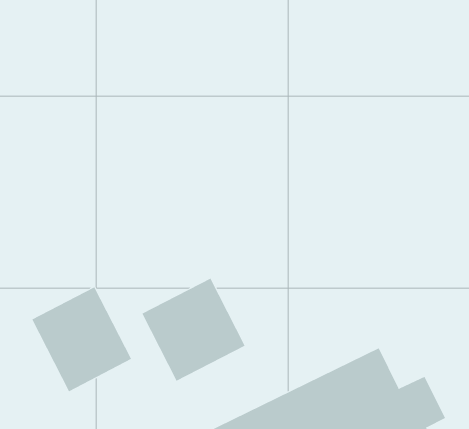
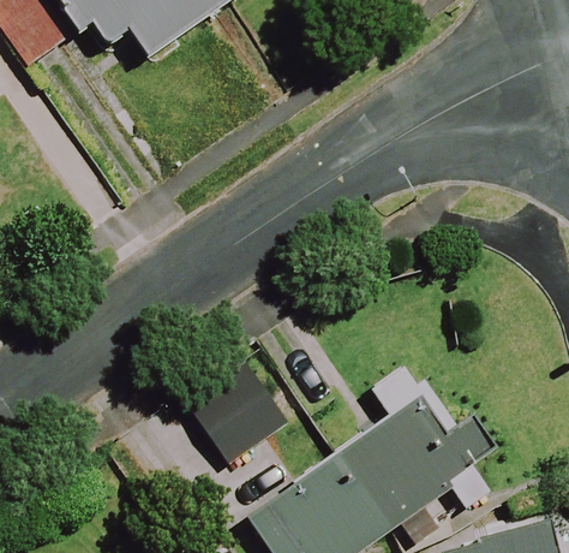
building: [31,287,132,392] -> none

